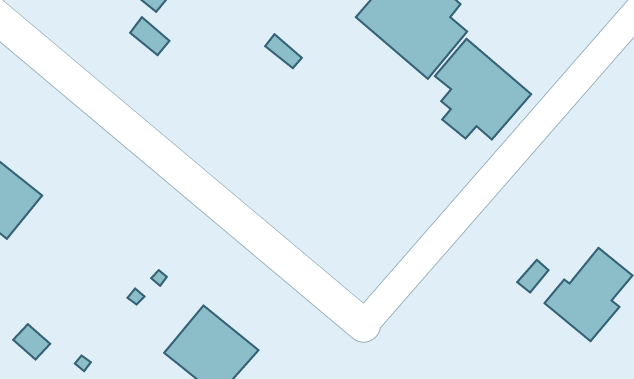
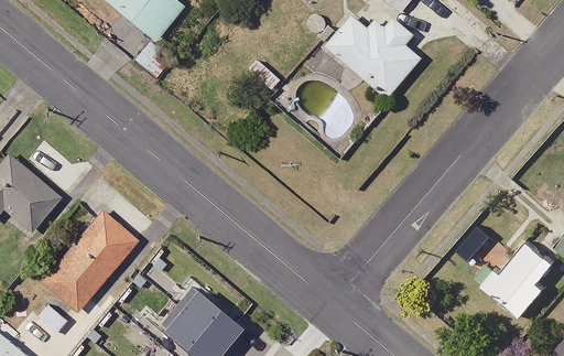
building: [435,39,531,139] -> none
building: none -> [41,209,139,313]

